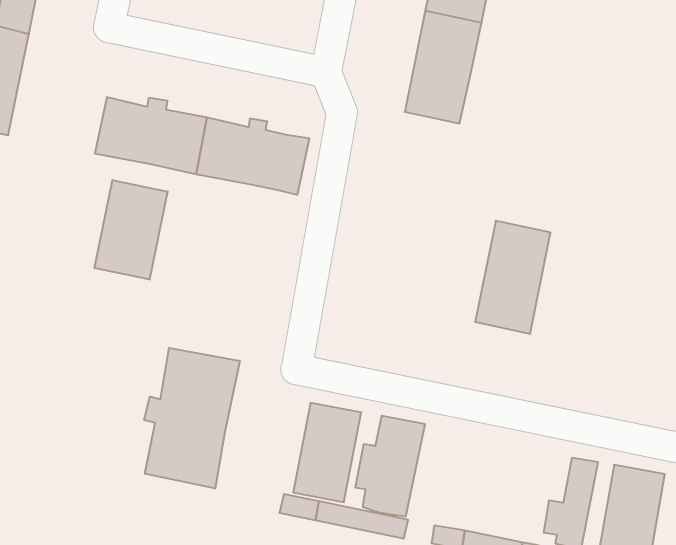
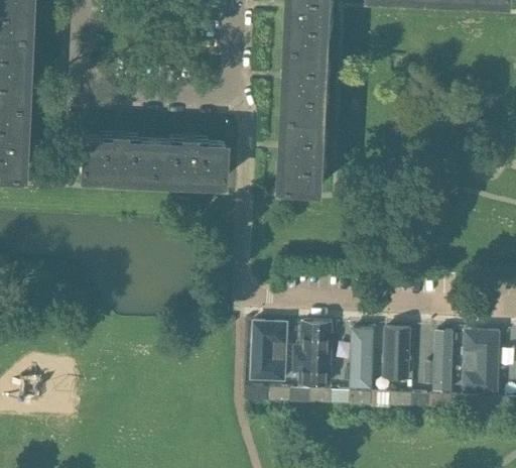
building: [95,180,168,280] -> none
building: [475,221,551,334] -> [282,116,324,189]
building: [144,348,240,489] -> none
building: none -> [345,329,374,390]
building: none -> [383,329,410,381]

